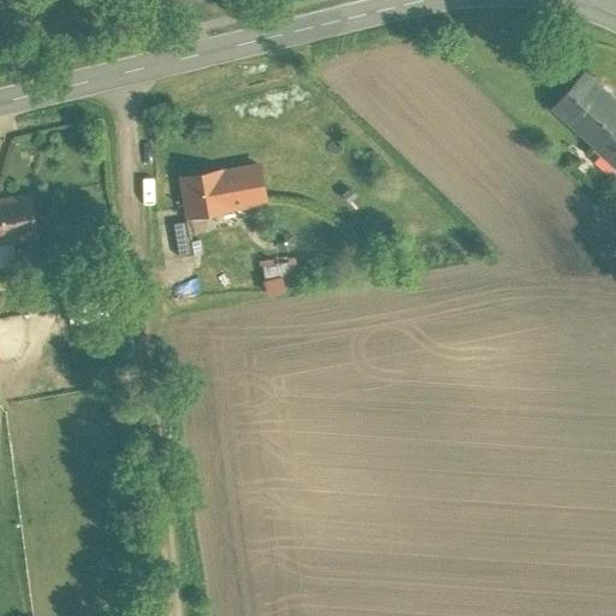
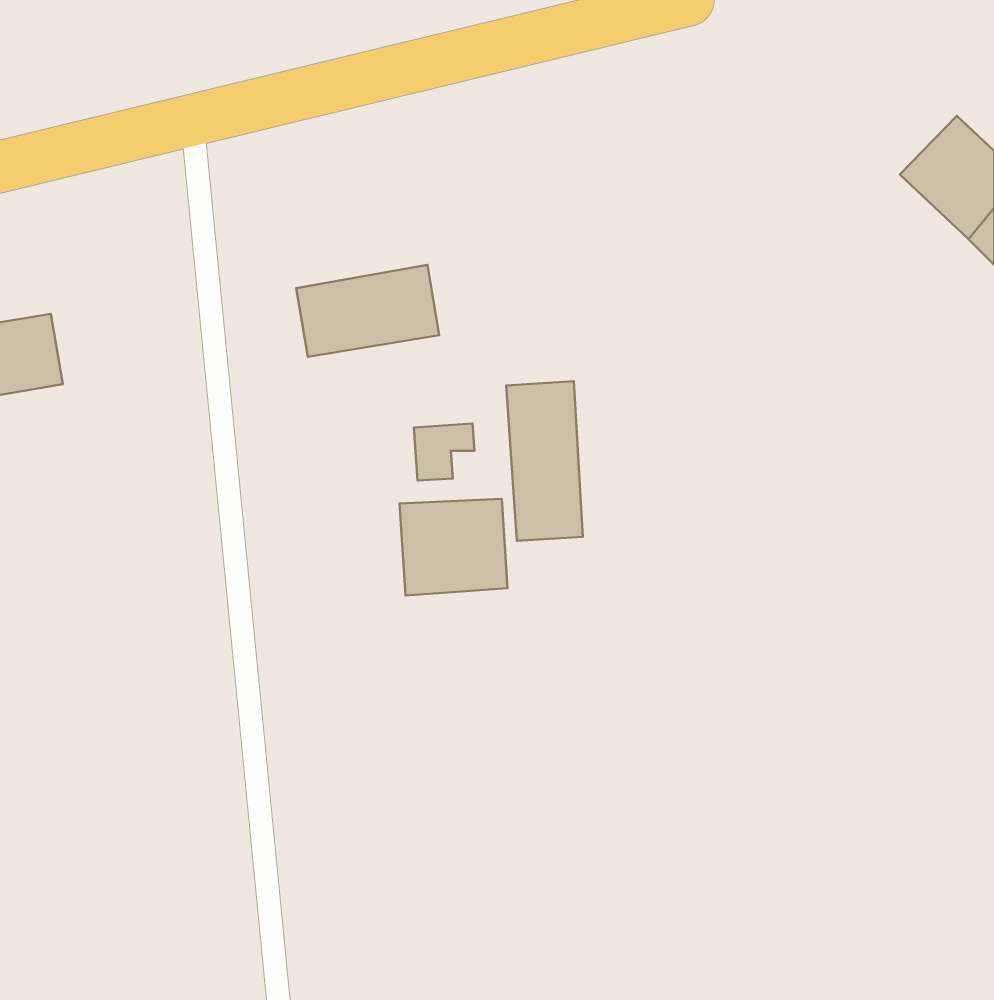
building: none -> [506,381,583,541]
building: none -> [399,499,507,595]

